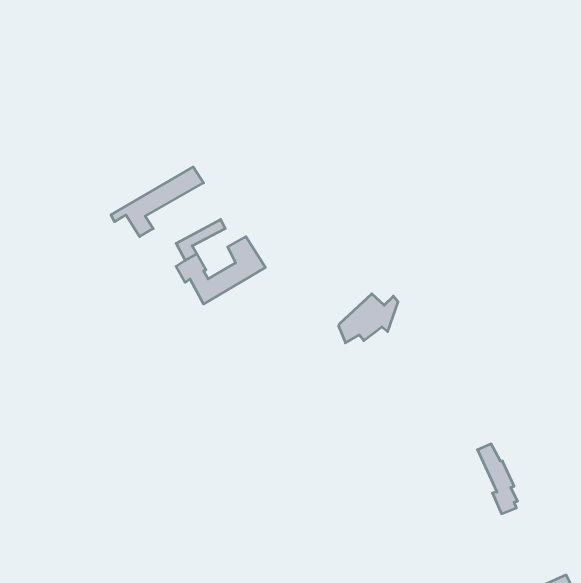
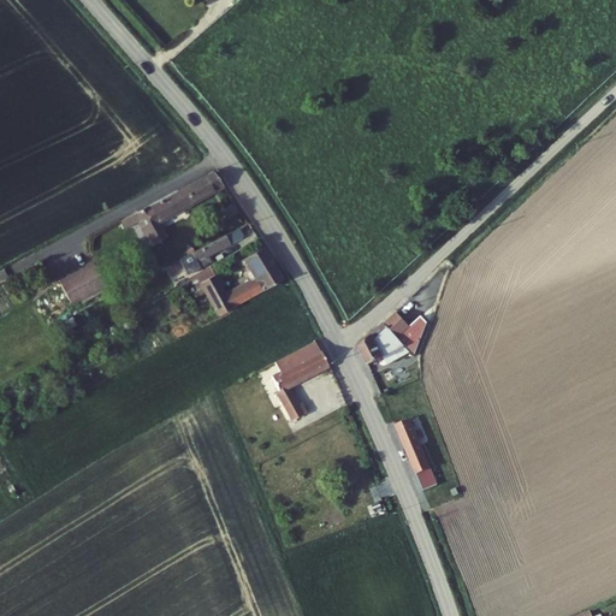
building: none -> [59,272,103,309]
building: none -> [270,339,327,424]
building: [477,444,518,514] -> [396,411,438,485]

